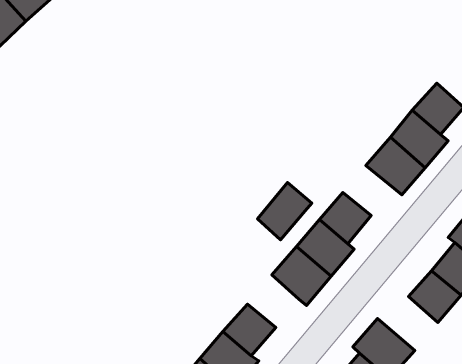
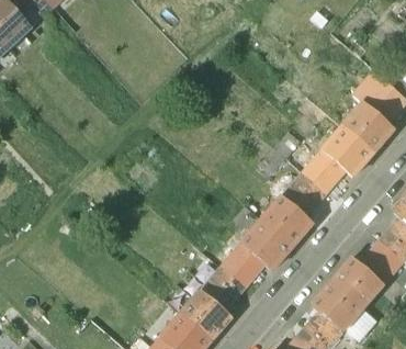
building: none -> [302,149,346,192]
building: [257,183,312,240] -> none
building: none -> [221,243,264,288]
building: none -> [331,257,383,307]

